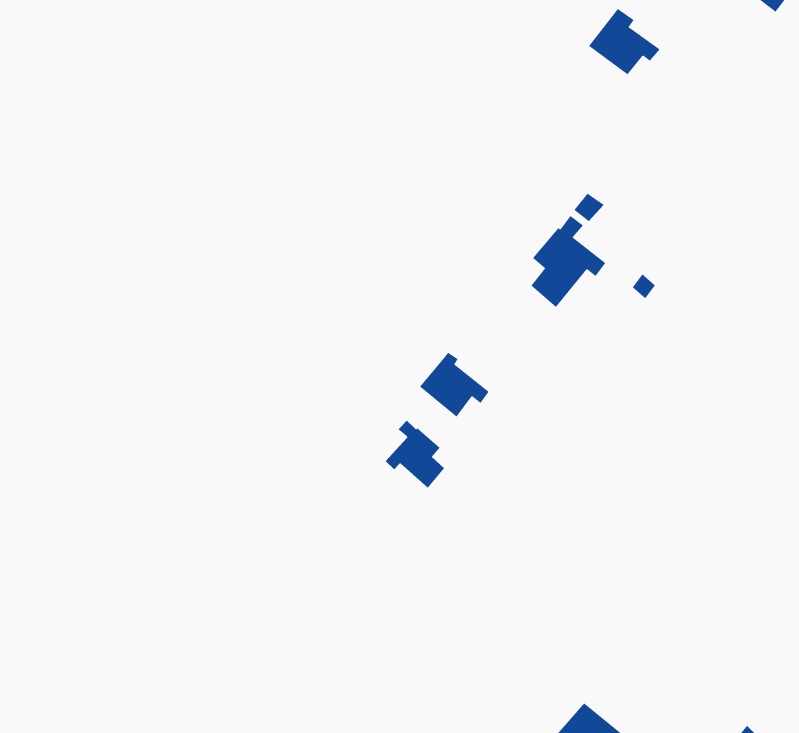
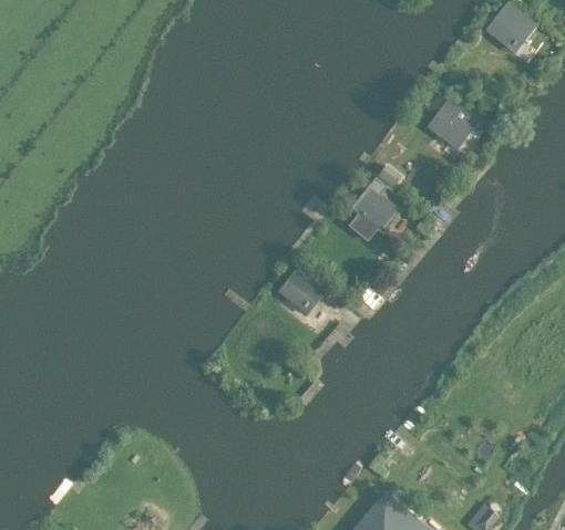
building: [588,8,660,75] -> [428,102,474,145]
building: [385,420,445,489] -> none

